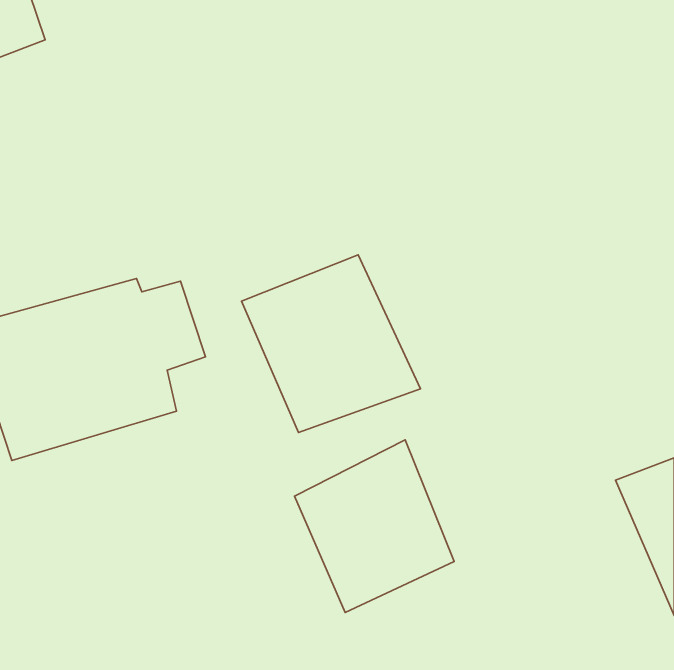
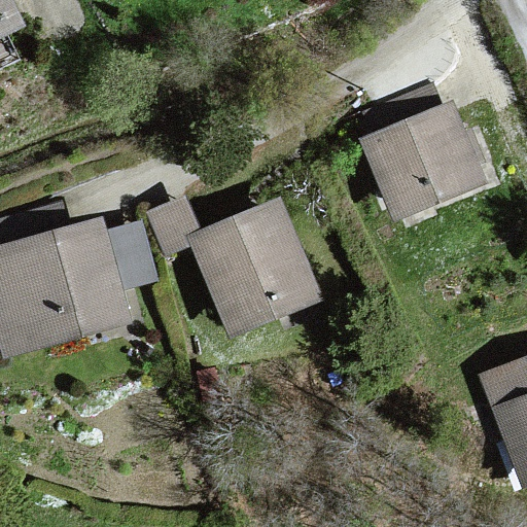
building: none -> [357,104,488,220]
building: [294,440,454,613] -> none

